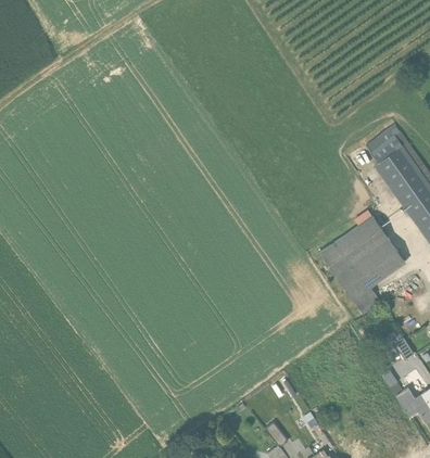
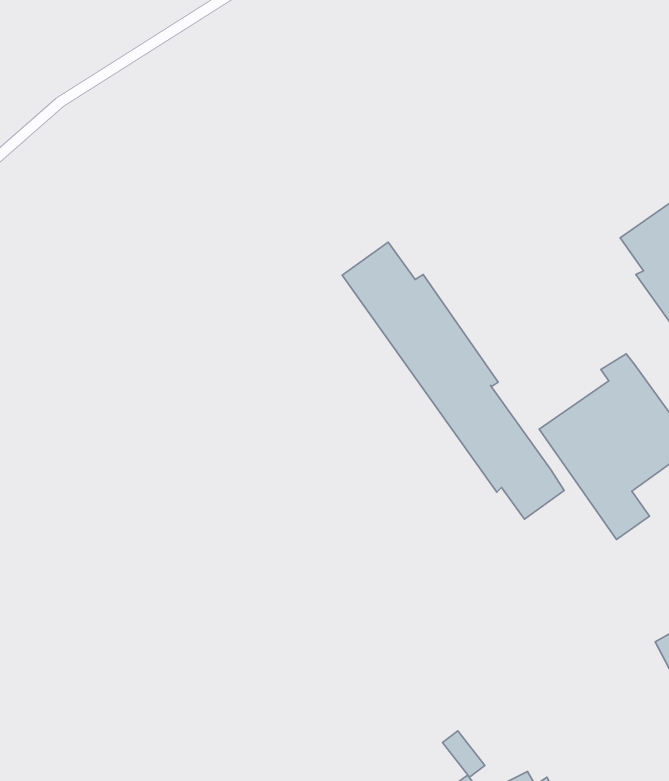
building: none -> [342,242,564,519]

